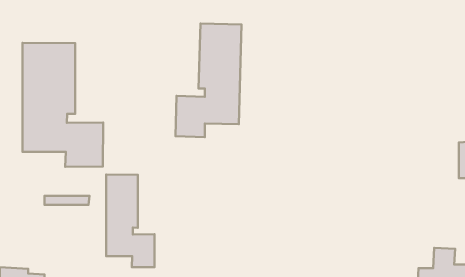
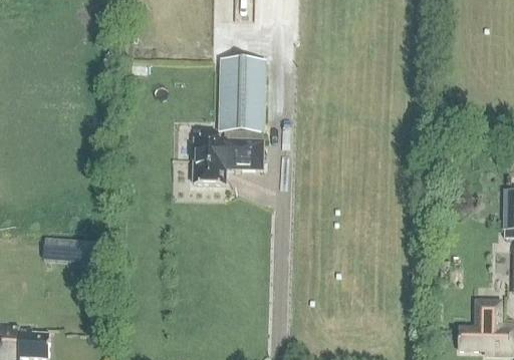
building: [22,43,103,167] -> none
building: [106,175,155,267] -> none

